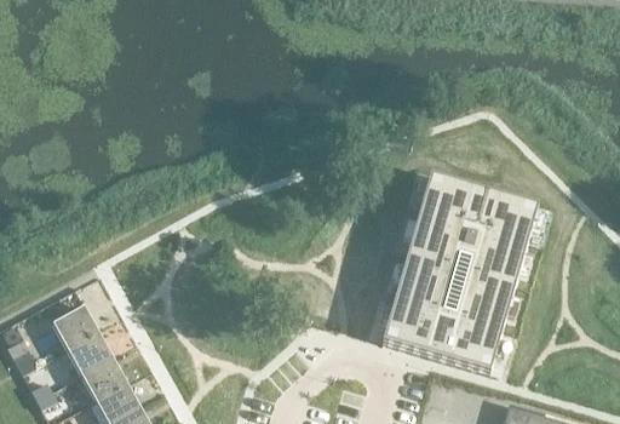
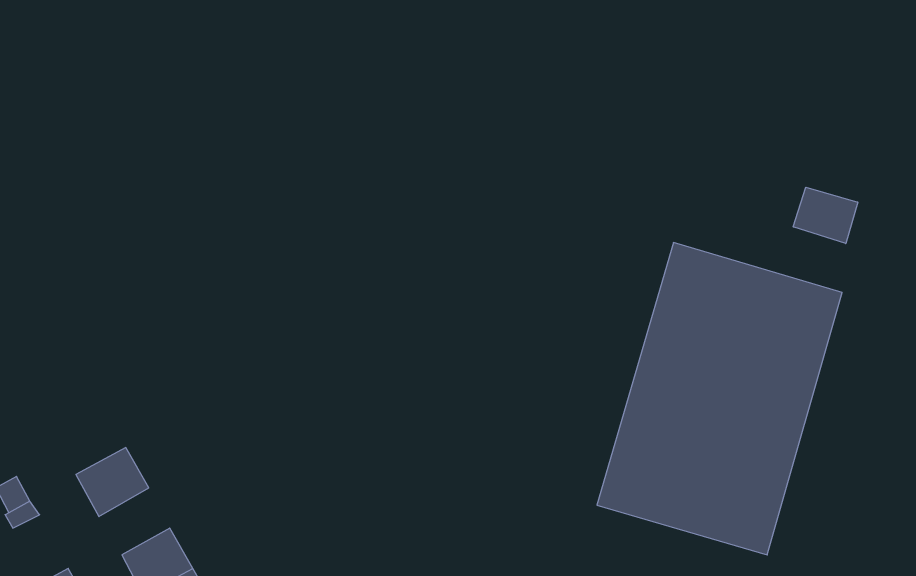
building: none -> [793,187,858,244]
building: [65,332,110,374] -> none

